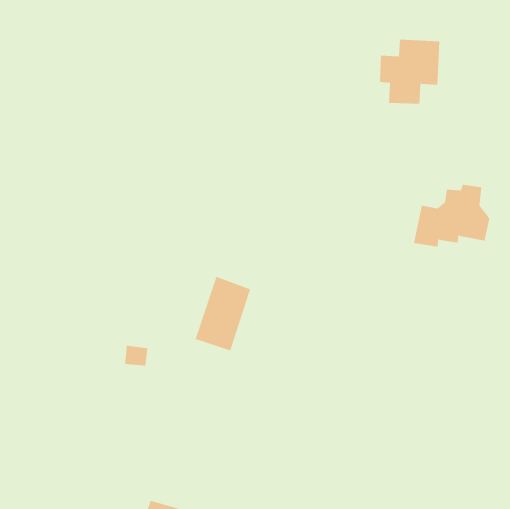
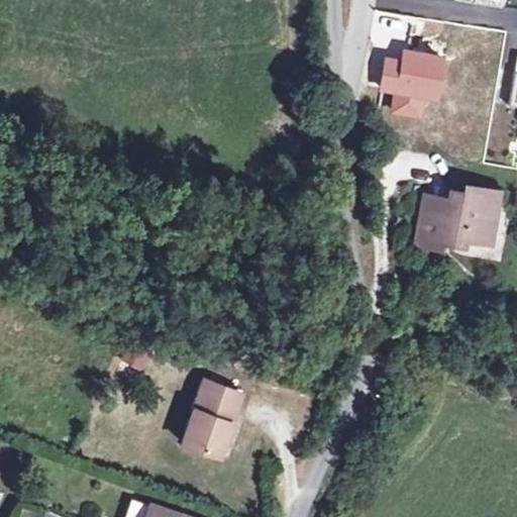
building: [195,276,251,351] -> [184,381,240,456]

